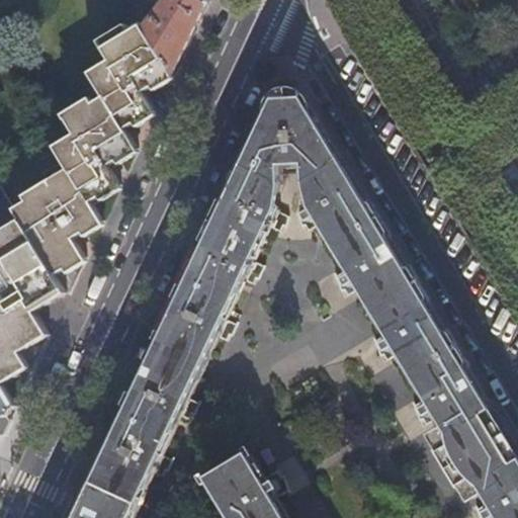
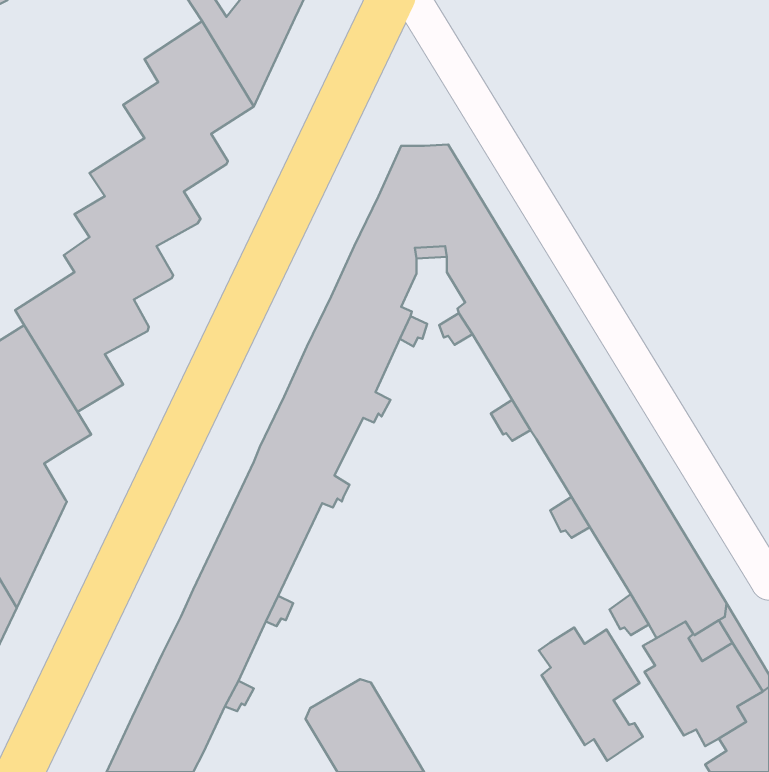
building: none -> [539,627,643,761]

